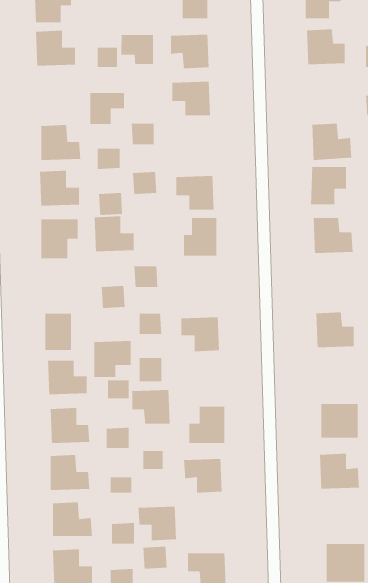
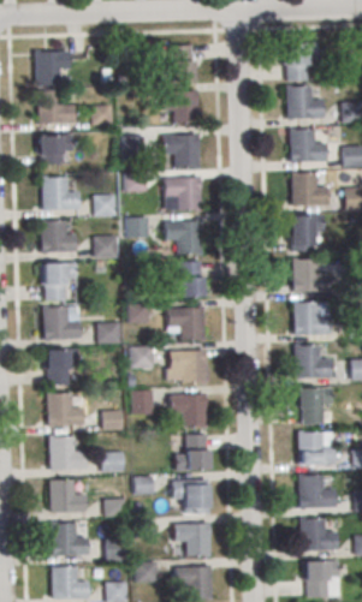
building: [120,34,154,65] -> none
building: none -> [290,131,326,165]
building: [89,92,125,125] -> [41,135,73,165]
building: none -> [164,179,201,211]
building: [94,215,134,252] -> [43,304,81,338]
building: none -> [293,304,331,338]
building: none -> [168,309,204,341]
building: [93,340,131,378] -> none
building: none -> [298,387,332,422]
building: [131,389,171,424] -> [171,395,207,428]
building: none -> [301,520,337,554]
building: [138,506,177,541] -> [174,525,210,558]

